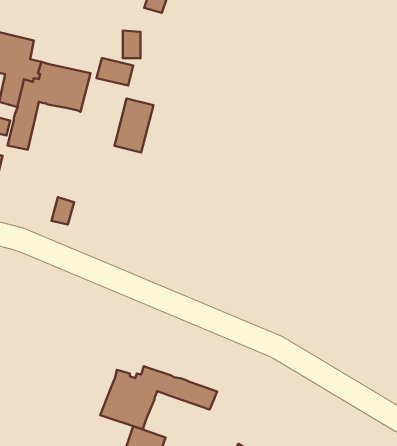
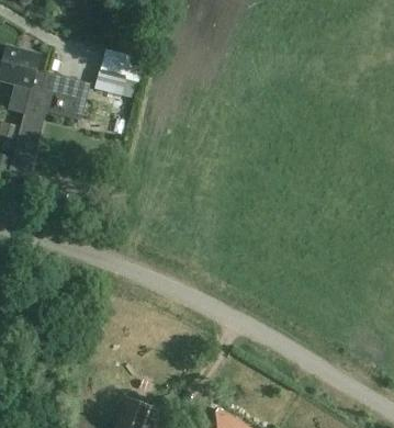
building: [114,99,154,153] -> none
building: [100,366,217,430] -> none

